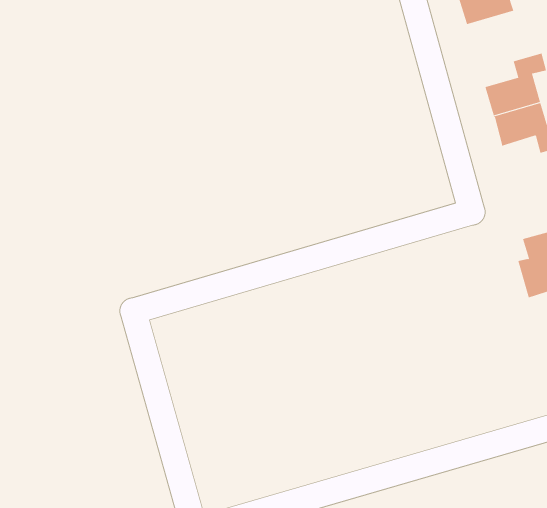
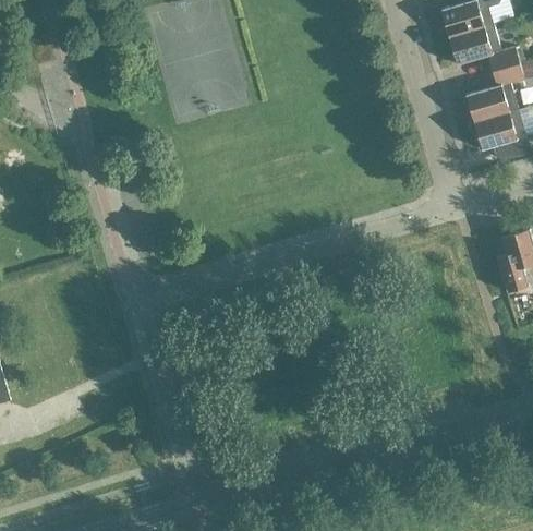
building: none -> [447,24,518,71]

